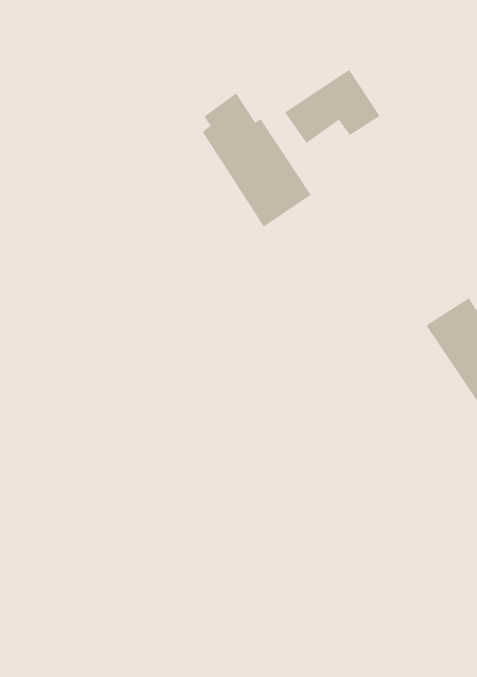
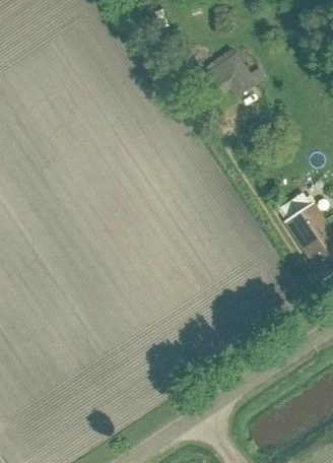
building: [202,93,312,227] -> none

